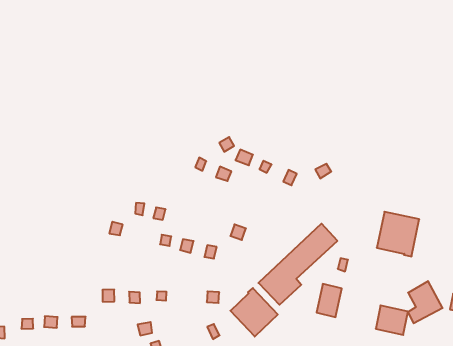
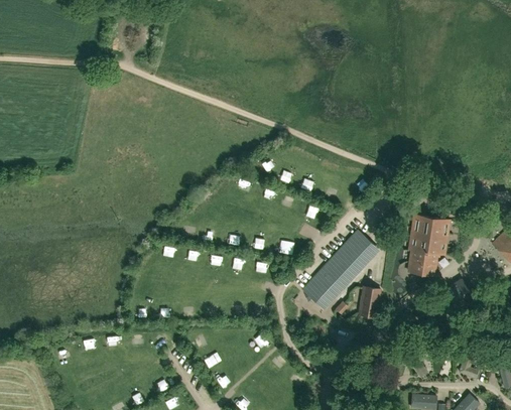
building: [230,288,278,337] -> none
building: [376,305,408,335] -> [411,252,440,278]

